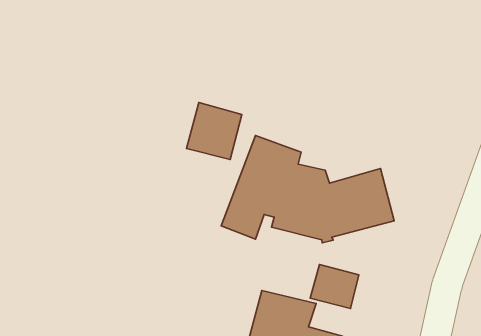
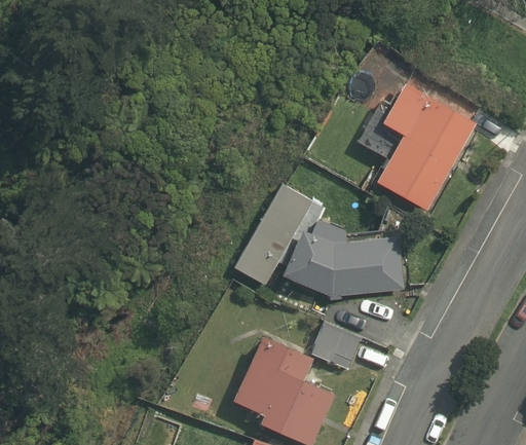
building: none -> [360,84,477,211]
building: [186,102,242,159] -> none

